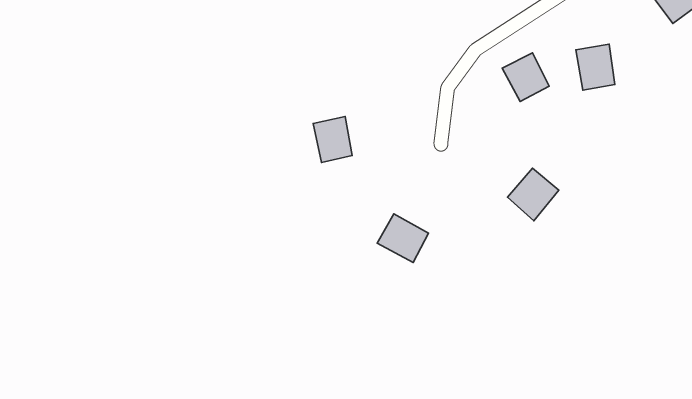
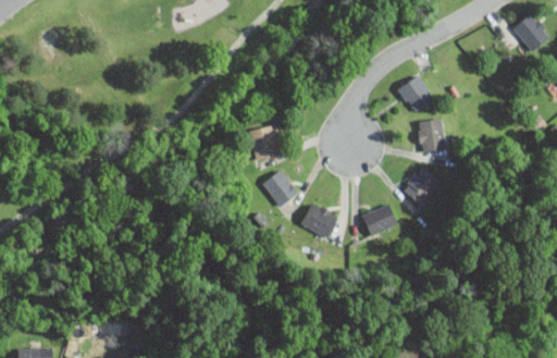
building: [576,44,615,90] -> [416,118,446,153]
building: none -> [261,170,299,208]
building: none -> [361,202,398,237]

